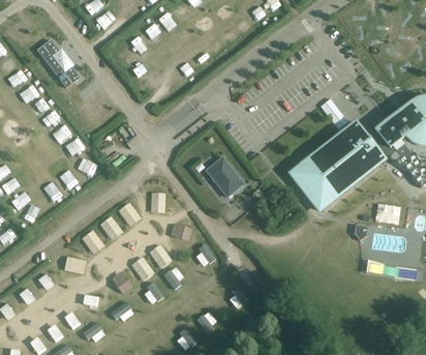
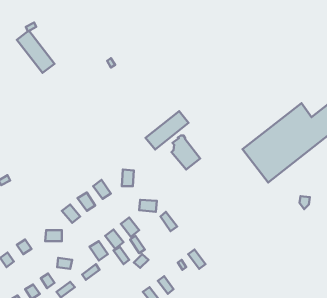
building: none -> [146,111,188,149]

